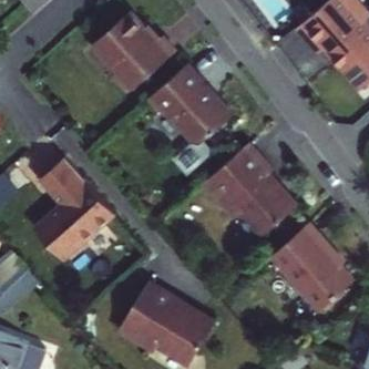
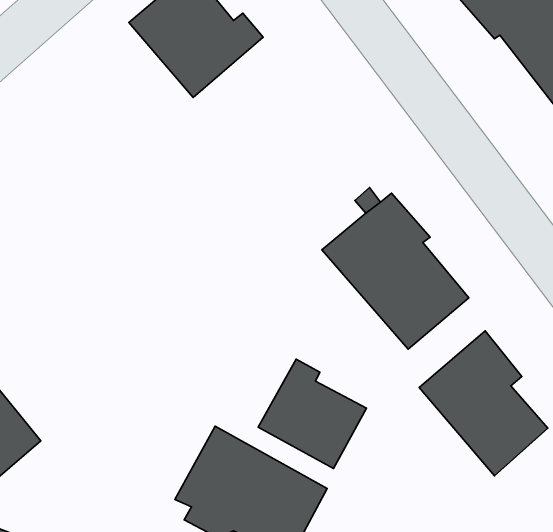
building: [151,61,233,174] -> none
building: [35,154,114,253] -> none
building: none -> [258,359,367,468]

